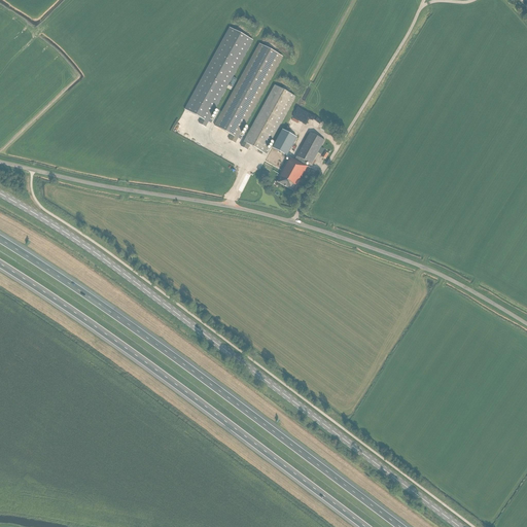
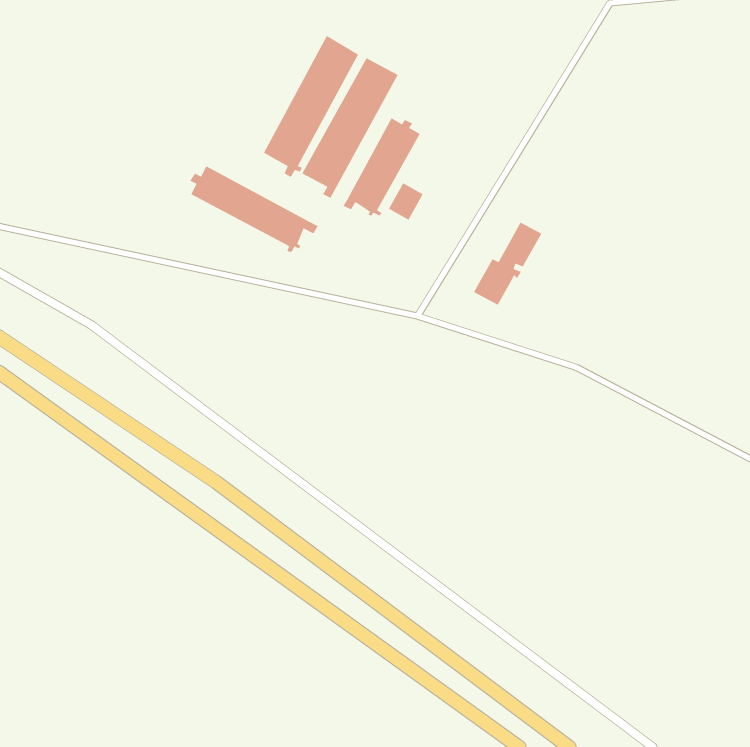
building: none -> [190,165,319,253]
building: [276,130,324,188] -> [473,222,542,306]

